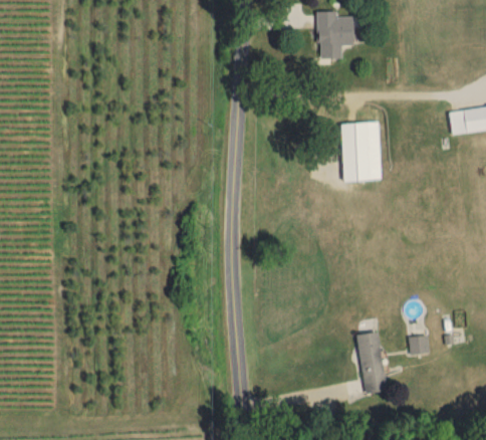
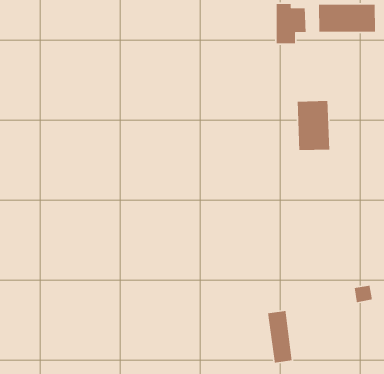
building: none -> [318,4,376,33]
building: [355,332,385,393] -> [267,310,292,364]

